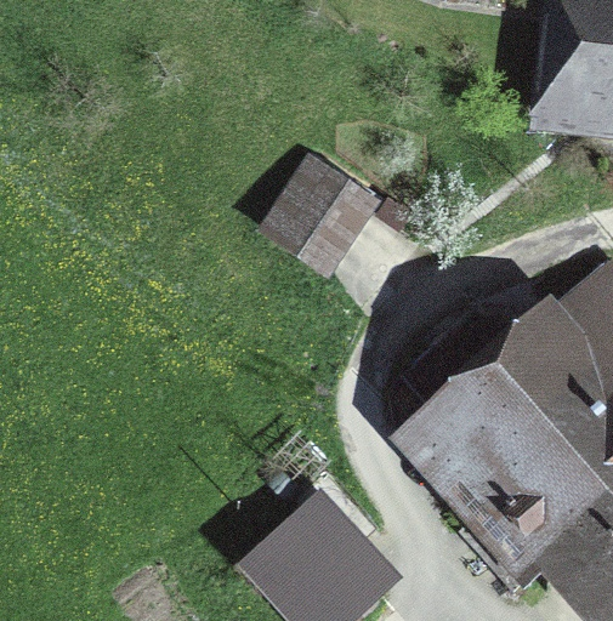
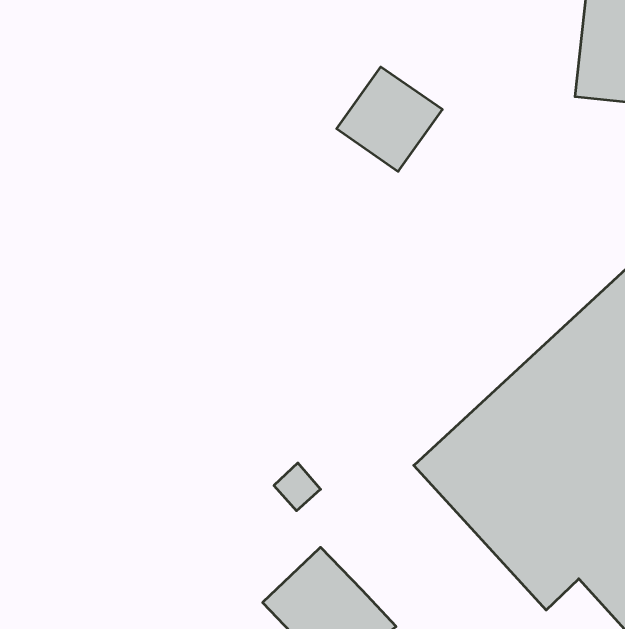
building: [265,155,367,256] -> [337,67,442,171]

